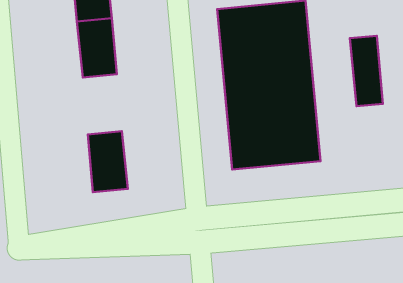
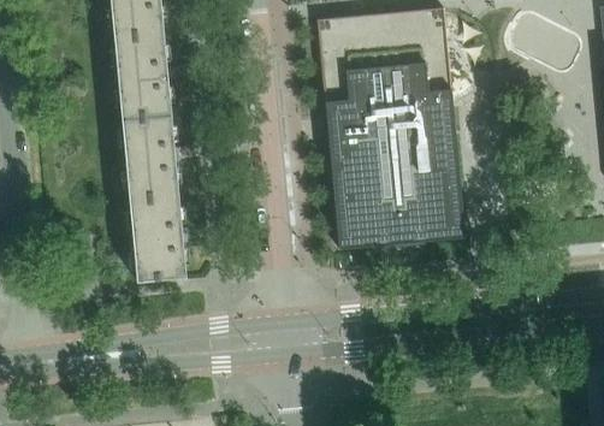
building: [350,36,383,106] -> none
building: none -> [123,112,179,199]

